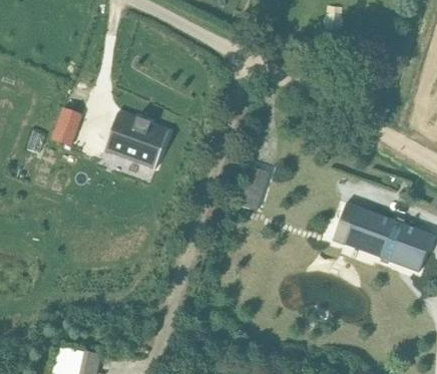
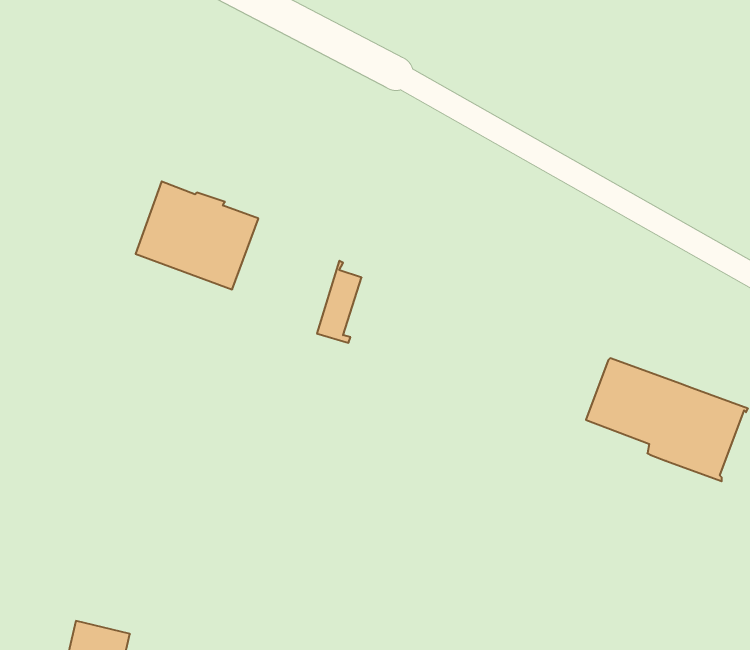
building: [52,108,81,145] -> none
building: [240,166,264,211] -> [317,261,362,343]

